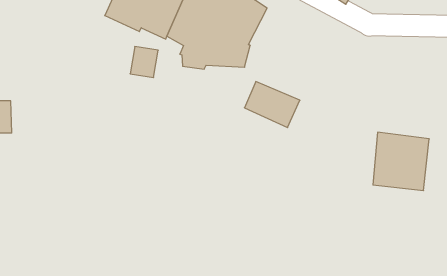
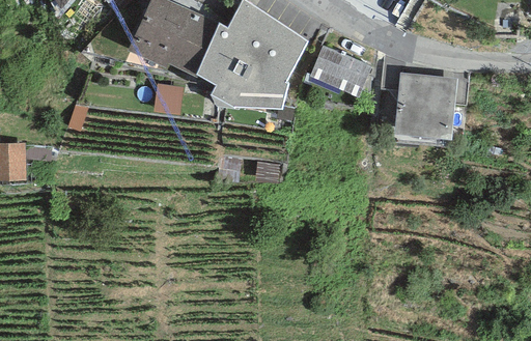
building: [244,82,300,128] -> [309,47,370,97]
building: [373,132,429,191] -> [394,73,456,137]

